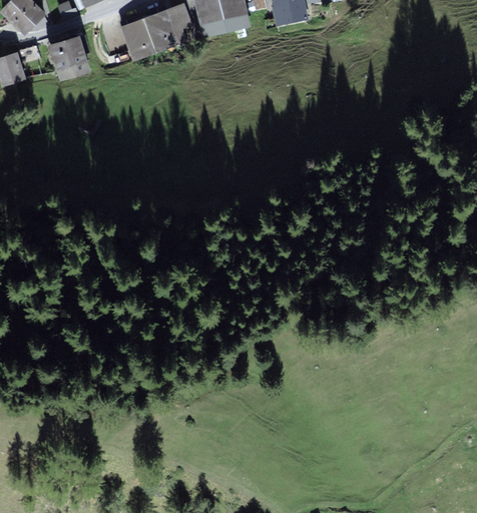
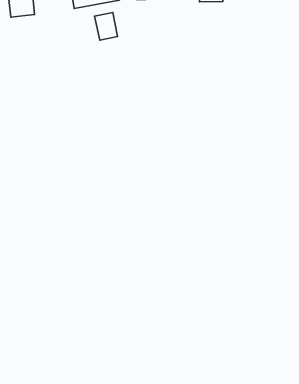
building: none -> [95,13,118,40]

